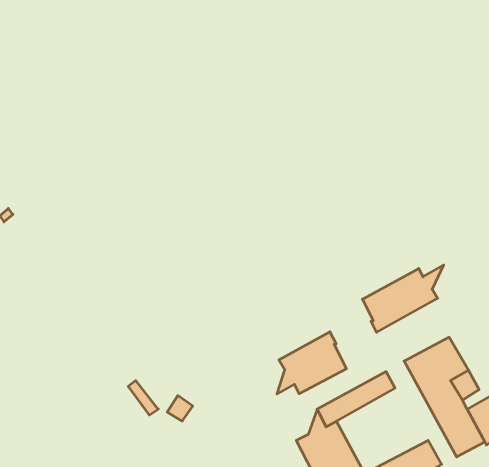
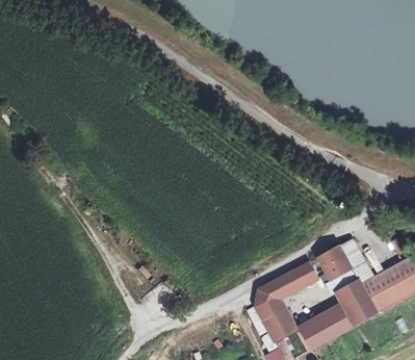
building: [362,265,444,332] -> none
building: [277,332,346,394] -> none

